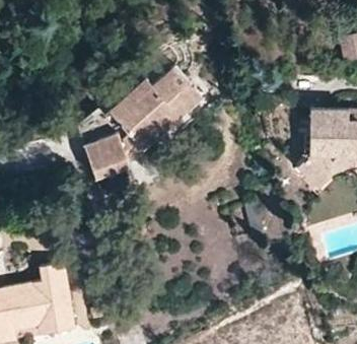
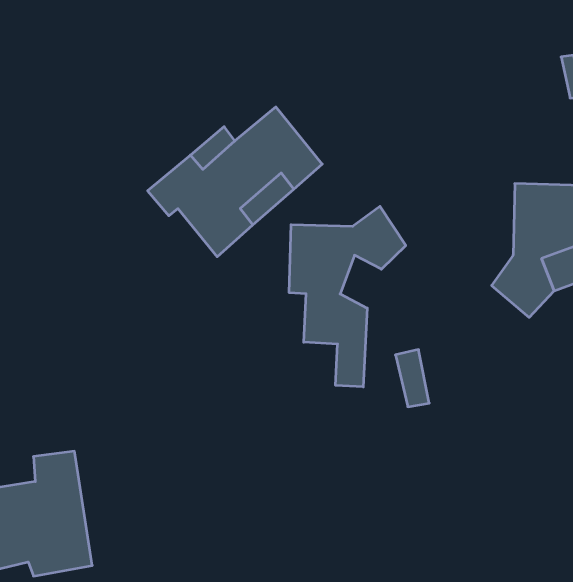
building: none -> [289,206,406,387]
building: [84,132,131,178] -> none

